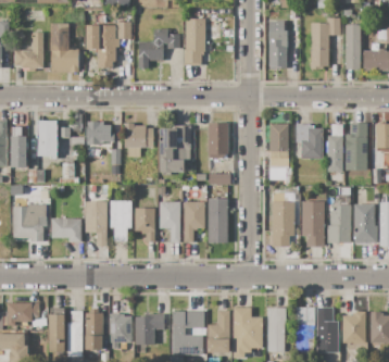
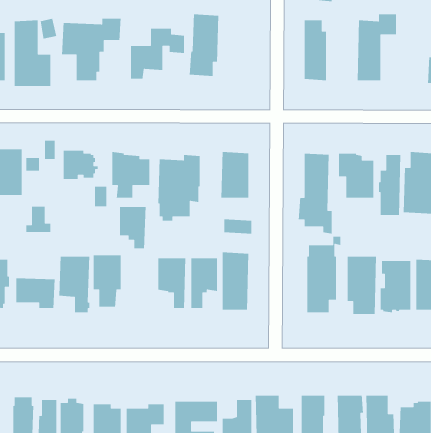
building: [344,24,360,68] -> none
building: [135,208,155,240] -> [119,206,146,249]

